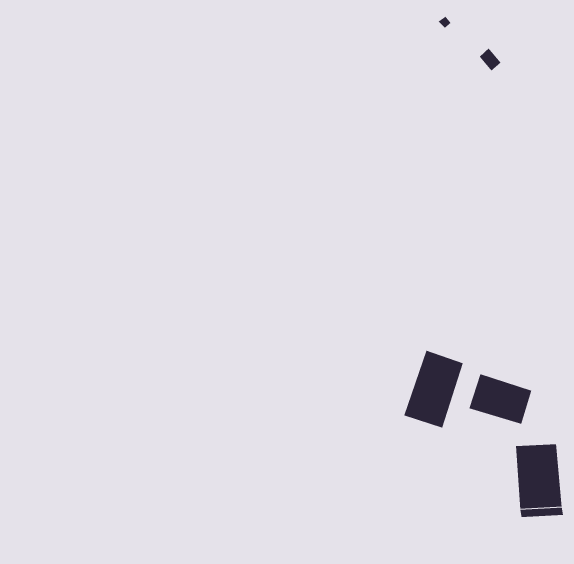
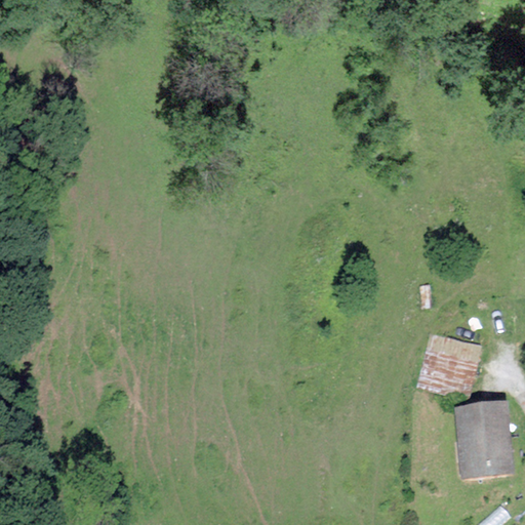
building: [403,350,464,428] -> none

